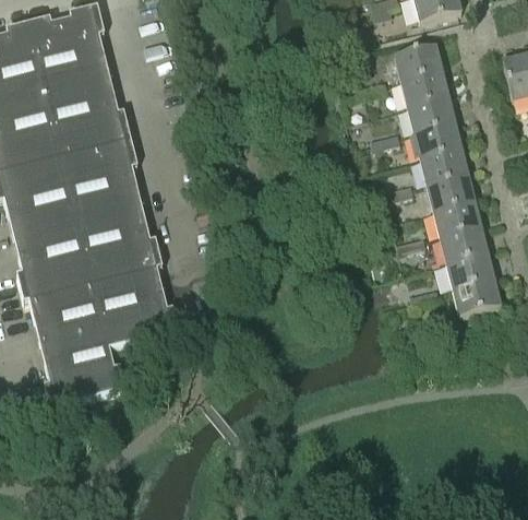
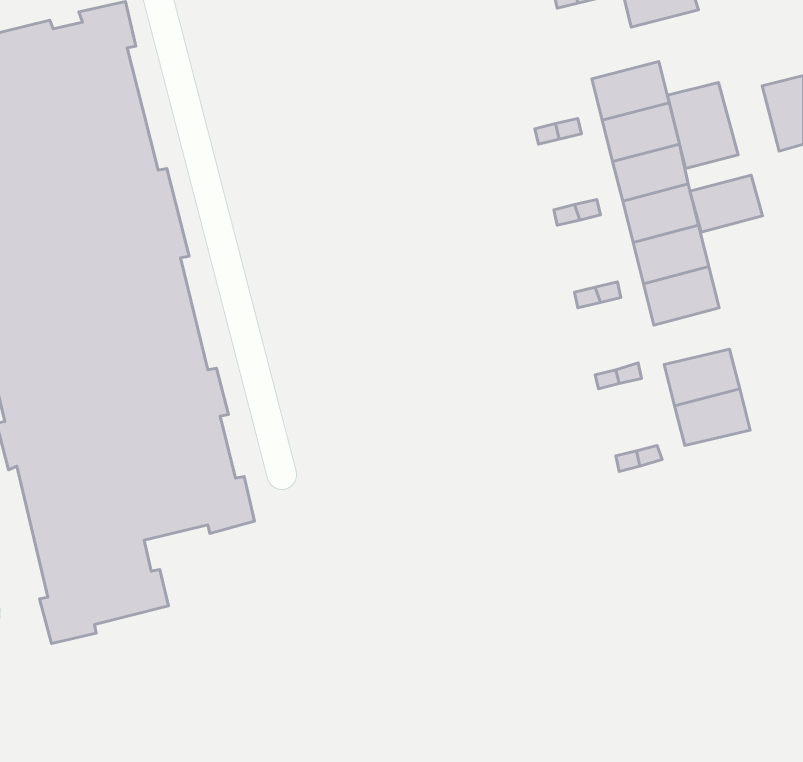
building: none -> [668,82,738,168]
building: none -> [690,175,762,232]
building: [432,197,480,233] -> none
building: [452,274,500,311] -> none

